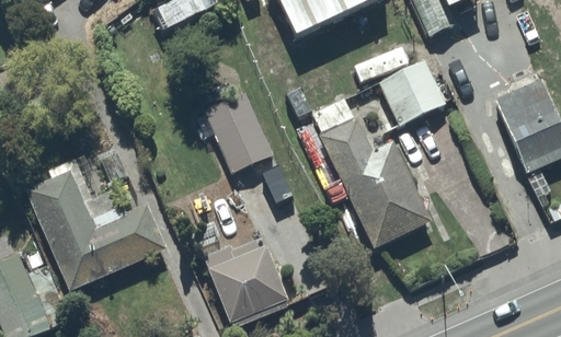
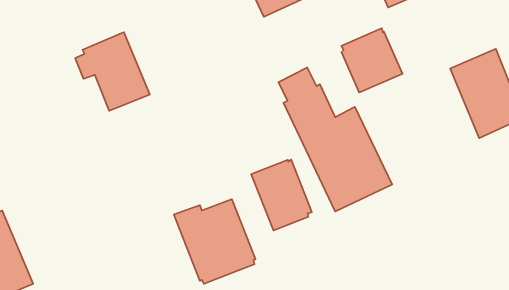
building: [194,88,273,171] -> [75,32,150,111]
building: [24,170,167,293] -> none
building: none -> [251,160,312,231]

